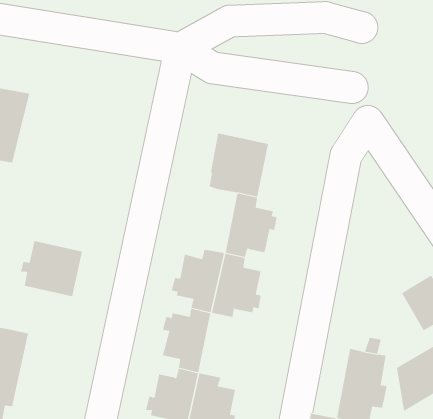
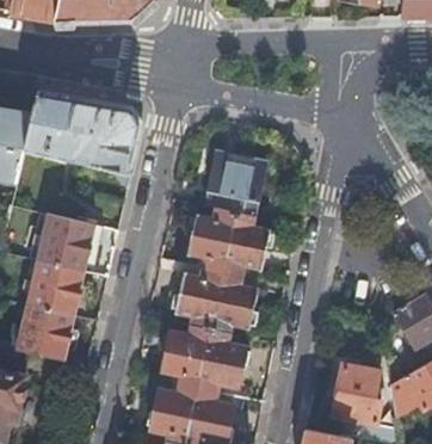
building: none -> [24,93,142,190]
building: none -> [186,210,234,272]
building: none -> [32,216,93,271]
building: none -> [13,304,74,358]
building: none -> [197,331,249,394]

